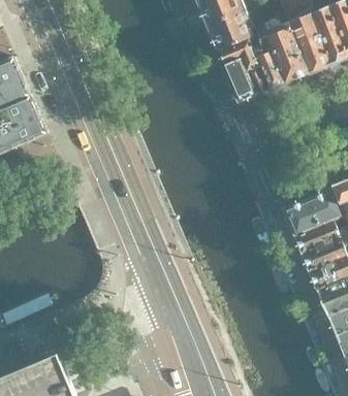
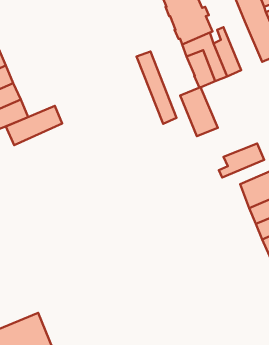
building: [266,26,309,80] -> [180,87,218,136]
building: none -> [137,51,177,124]
building: none -> [6,106,62,145]
building: none -> [219,143,264,178]

